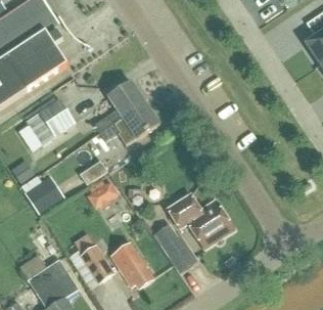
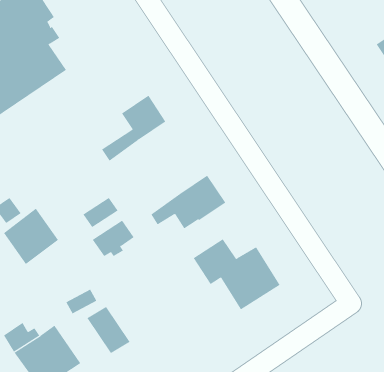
building: [26,99,75,145] -> none
building: [100,102,158,144] -> [151,175,226,229]
building: [163,232,198,271] -> none
building: [110,242,153,287] -> none

